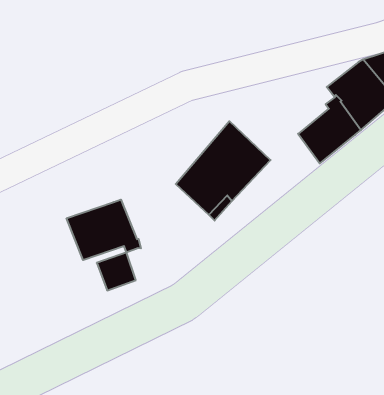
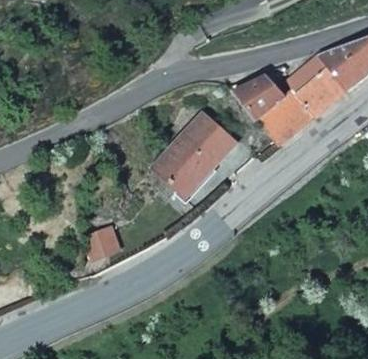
building: none -> [235,76,288,121]
building: [67,200,141,260] -> none

